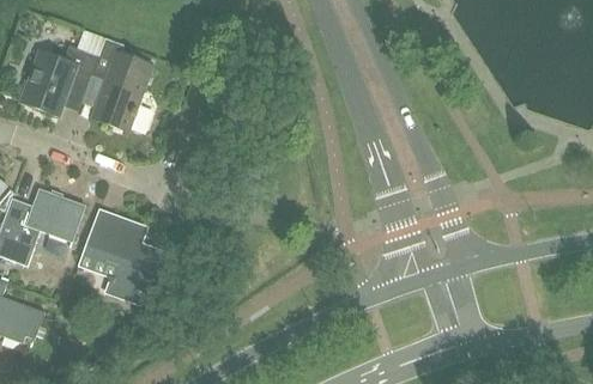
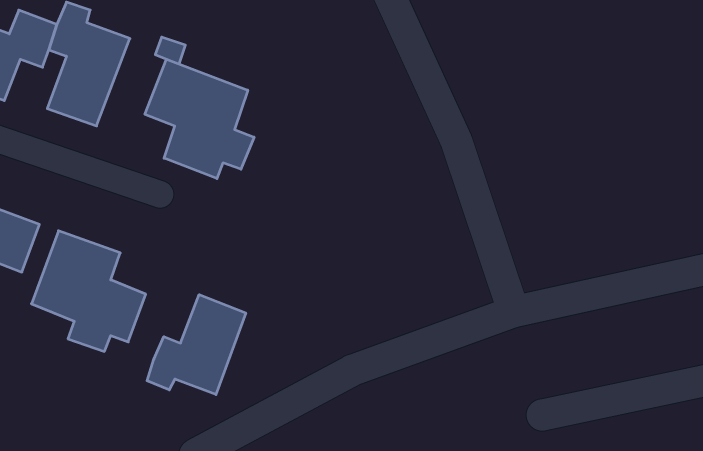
building: none -> [145,59,254,179]
building: none -> [147,295,246,395]

